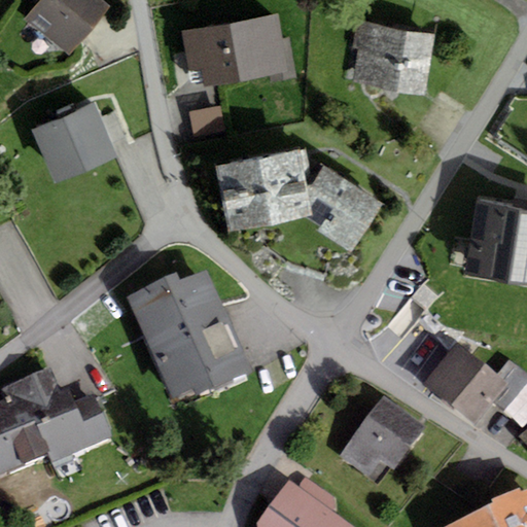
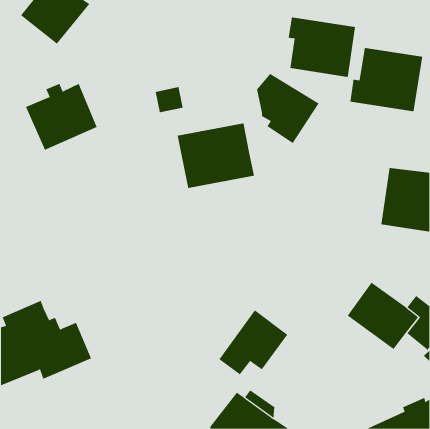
building: [182,13,297,86] -> none
building: none -> [350,47,423,112]
building: [306,167,383,253] -> [256,73,319,144]
building: [127,270,251,397] -> none
building: [339,396,424,477] -> [218,310,288,375]

